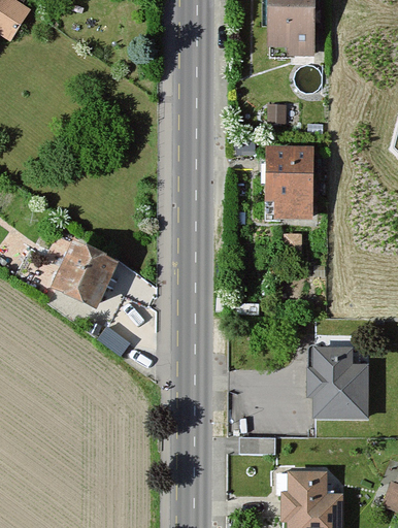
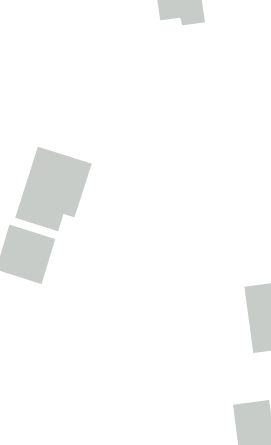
building: [262,148,312,219] -> none
building: none -> [15,146,92,232]

